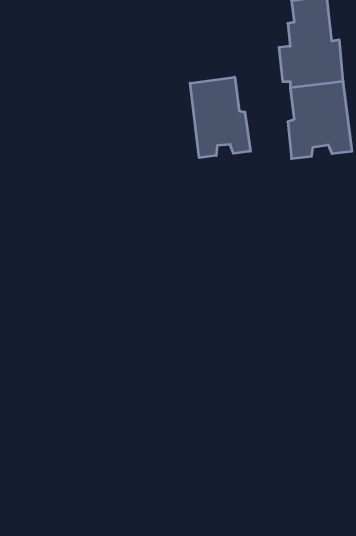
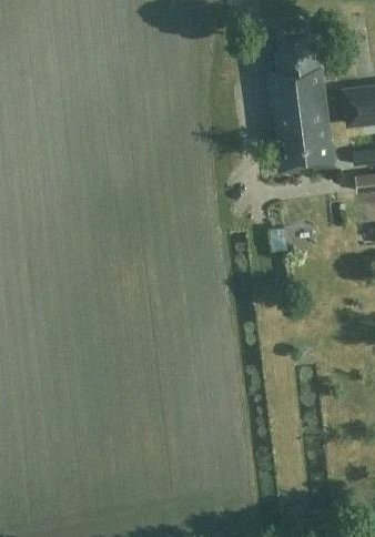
building: [190,77,250,158] -> none

